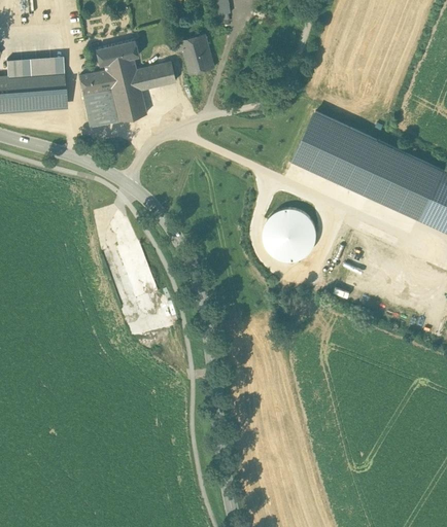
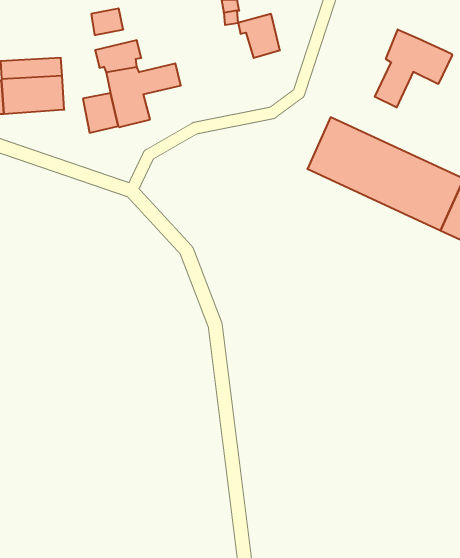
building: none -> [375,29,452,107]
building: [175,35,214,76] -> [238,14,280,58]
building: [79,71,109,96] -> [91,8,123,35]
building: [263,210,316,262] -> none

